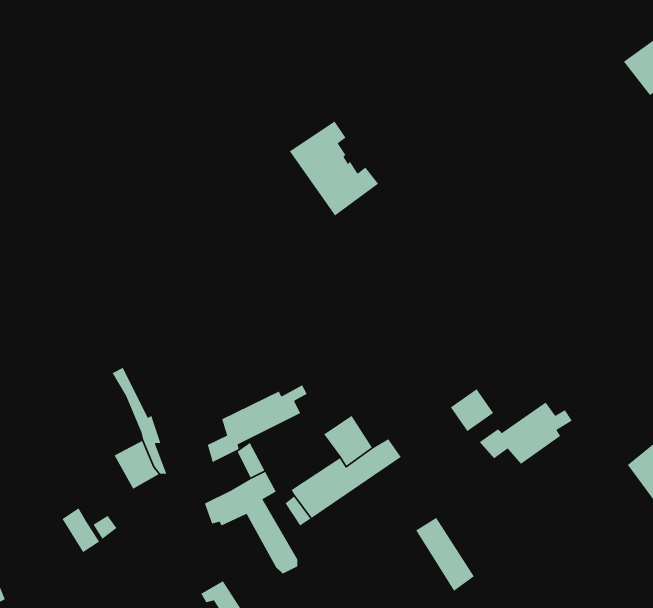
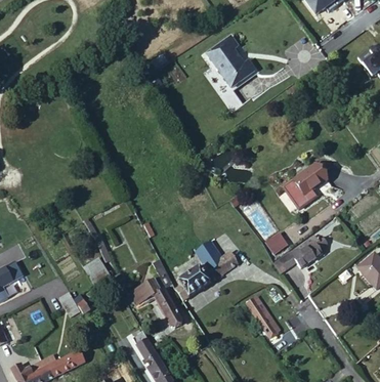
building: [289,120,379,217] -> [206,37,254,88]
building: none -> [280,156,329,205]
building: [207,384,308,463] -> none

